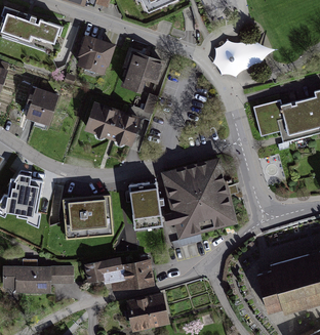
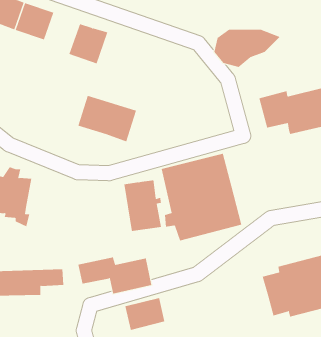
building: [123,54,161,94] -> none
building: [25,88,56,126] -> none
building: [64,198,113,240] -> none

